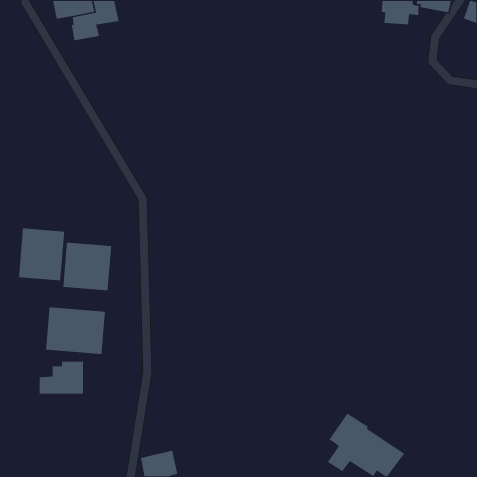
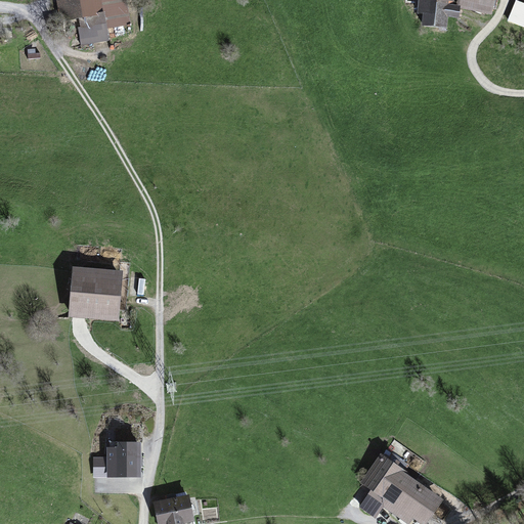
building: [18,228,65,281] -> none
building: [45,306,106,355] -> none
building: [39,361,84,395] -> [93,440,142,477]

